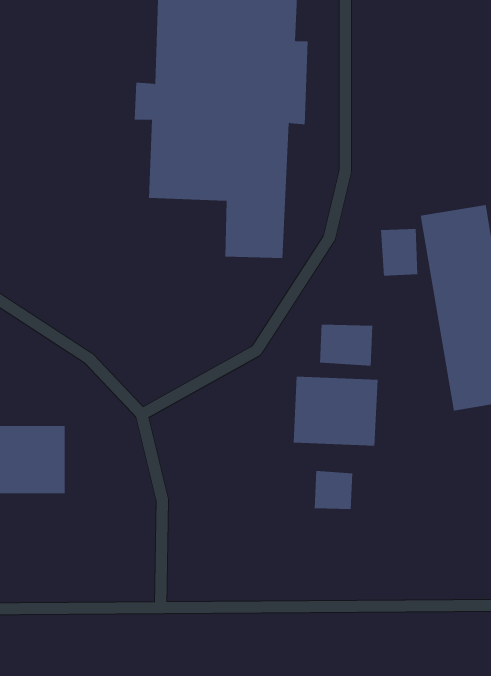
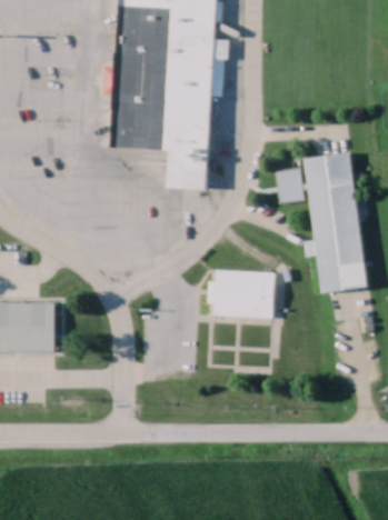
building: [320,324,373,367] -> none
building: [314,470,353,510] -> none

